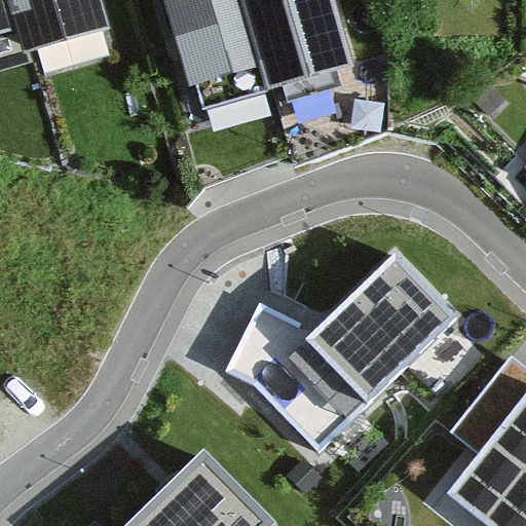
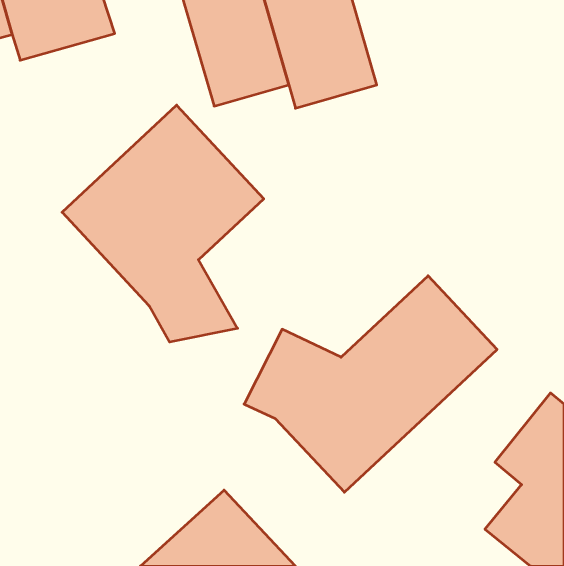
building: none -> [62,105,264,342]

